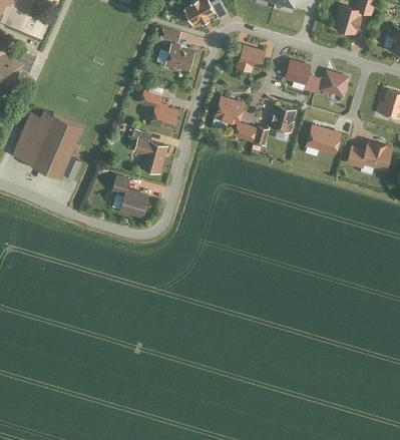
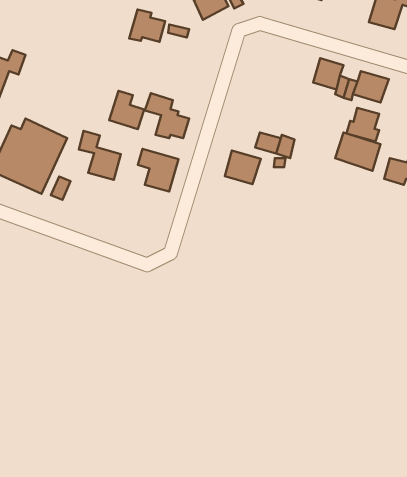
building: [164,42,195,70] -> [129,9,165,42]
building: [236,44,267,73] -> none
building: none -> [109,91,144,129]
building: [216,94,247,123] -> [225,151,261,184]
building: [268,104,296,133] -> [347,108,379,142]
building: [112,174,148,216] -> [79,131,121,180]

